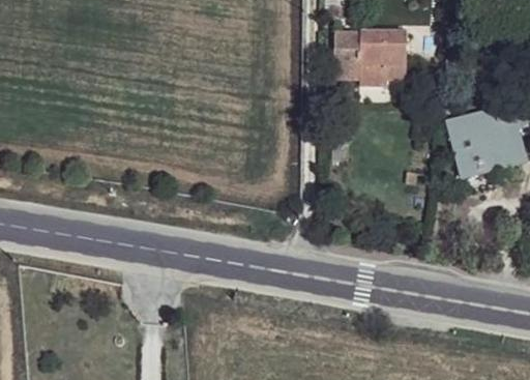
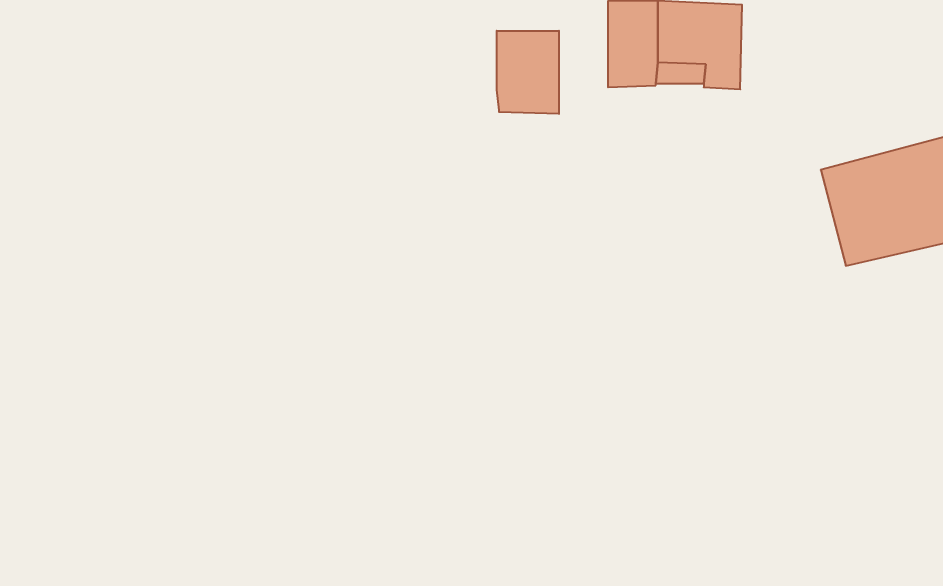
building: none -> [497,31,559,114]

